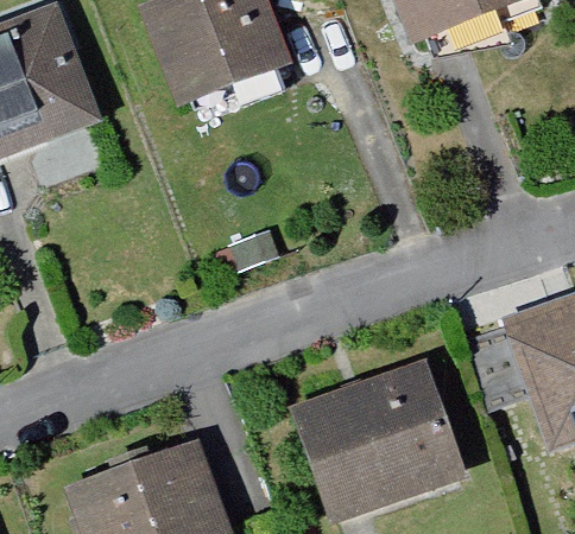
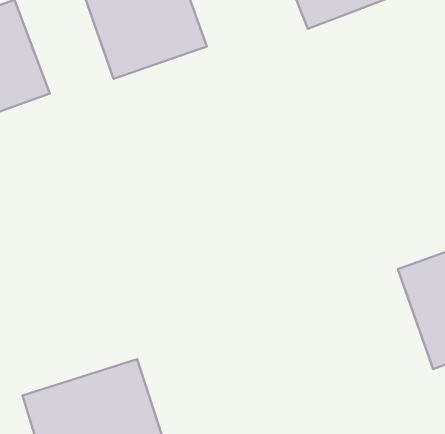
building: [286,357,470,523] -> none

